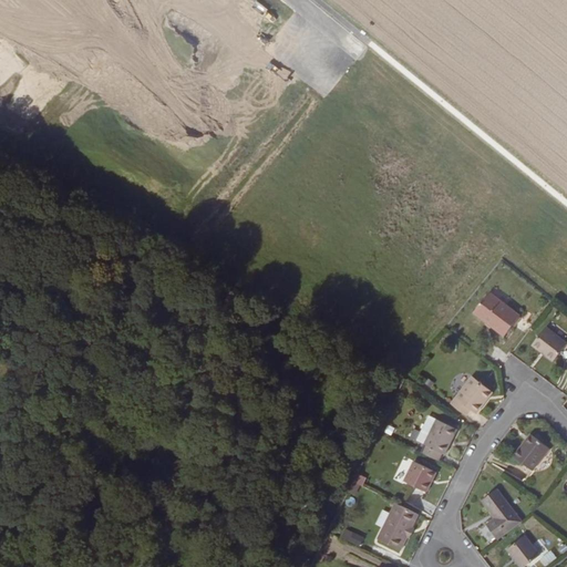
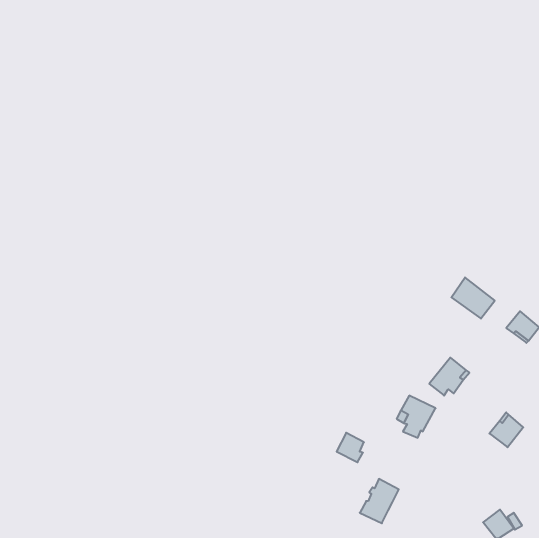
building: [404,460,433,491] -> [337,433,364,462]
building: [482,488,522,538] -> none

